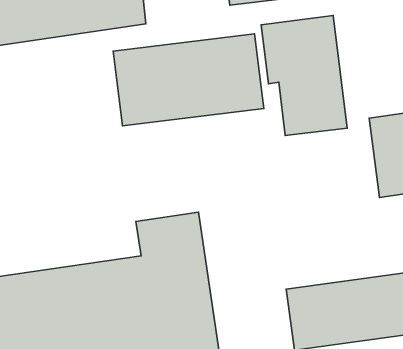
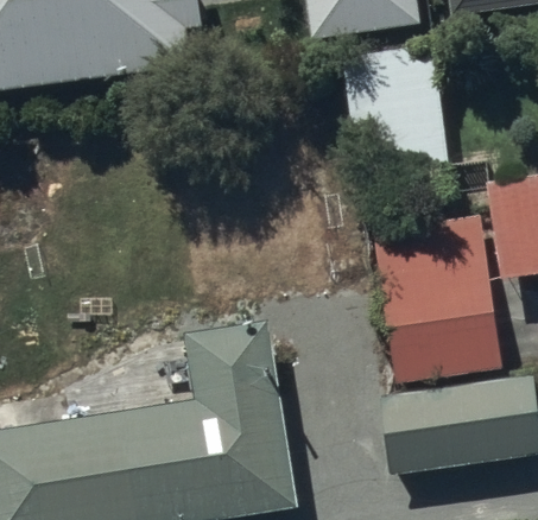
building: [113,34,264,126] -> none
building: none -> [373,227,501,382]

